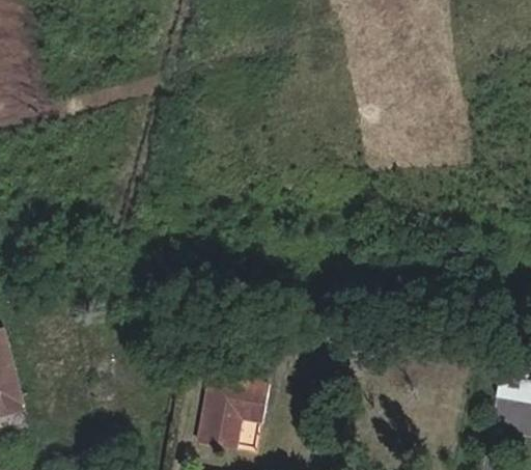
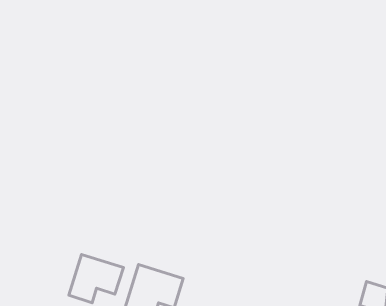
building: none -> [69,254,123,303]

